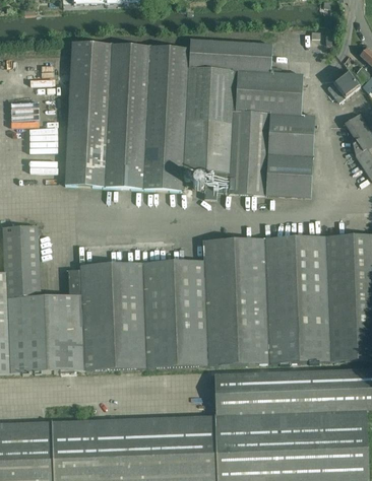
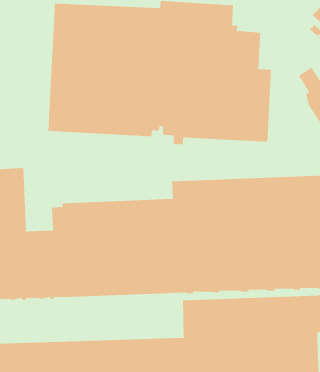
building: [327,70,361,102] -> none

